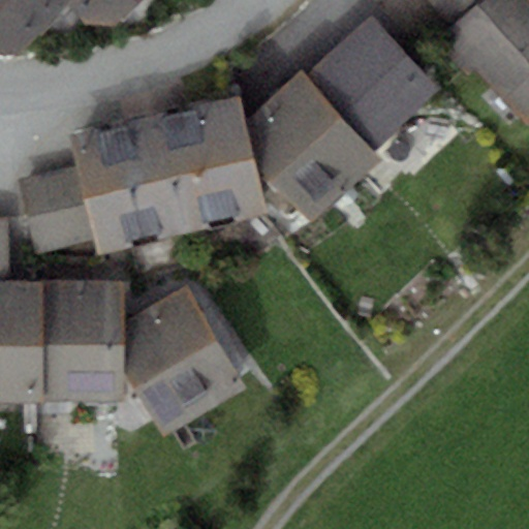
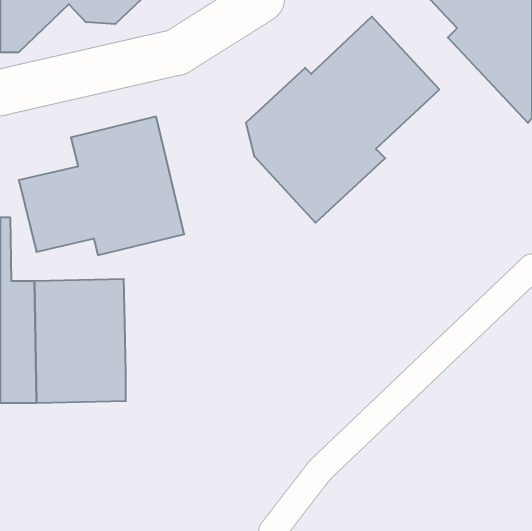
building: [155,96,266,232] -> none
building: [124,284,247,435] -> none

